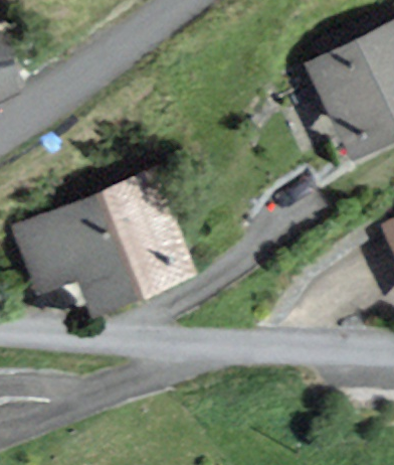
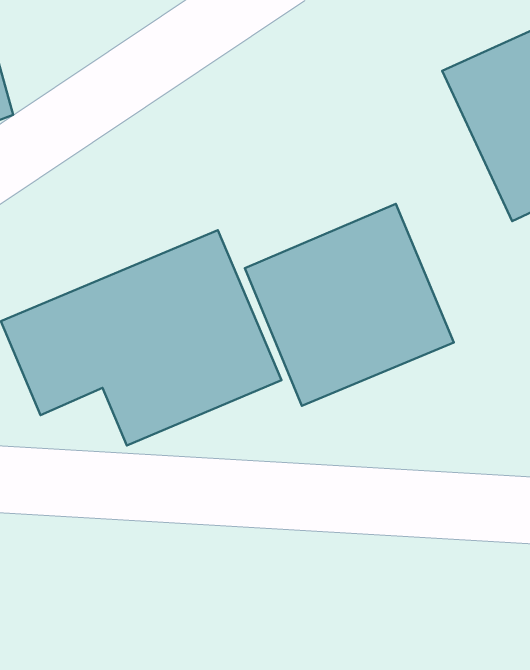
building: none -> [245,204,454,406]

